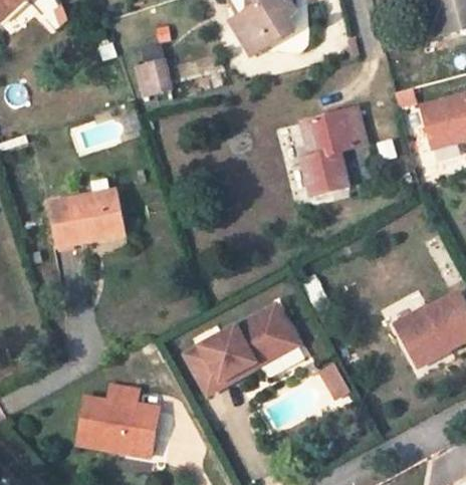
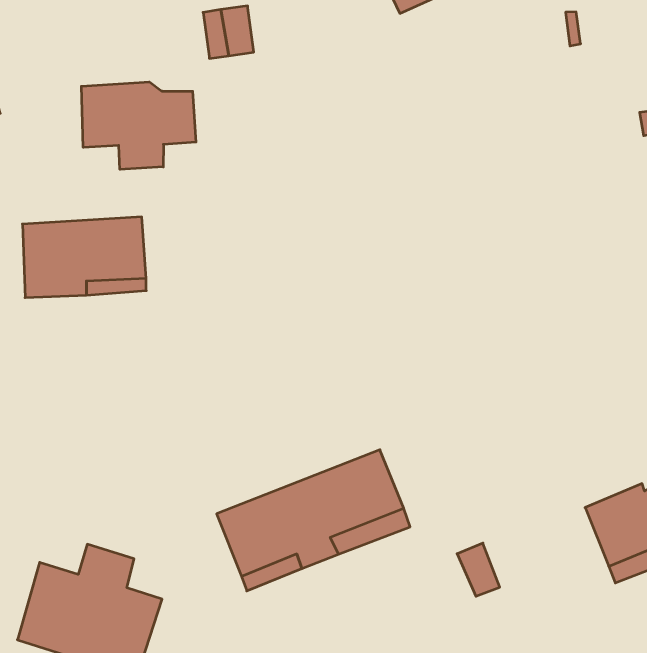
building: [301,107,367,192] -> none
building: none -> [81,82,196,169]

